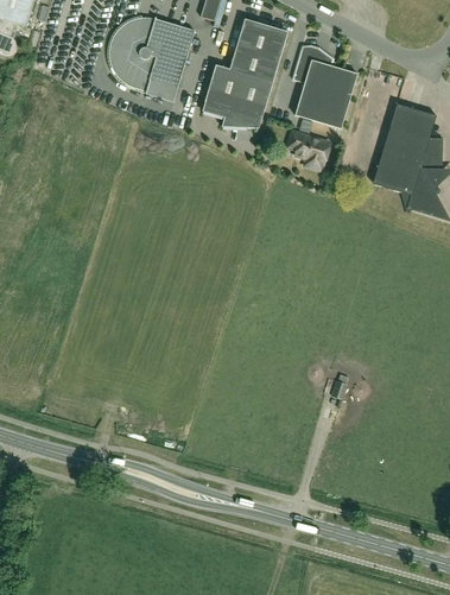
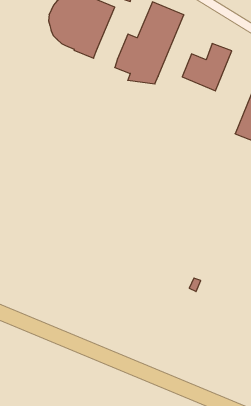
building: [293,45,332,88] -> none
building: [287,132,330,169] -> none

